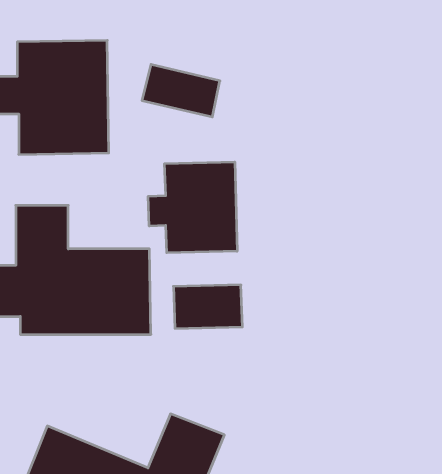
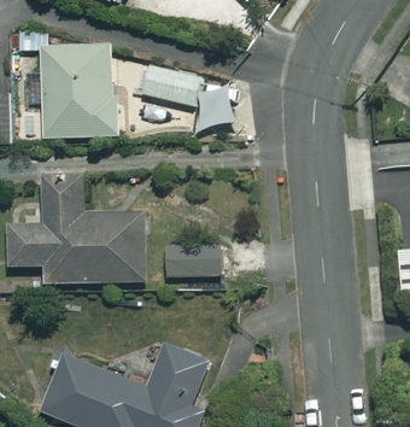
building: [148,162,237,253] -> none

